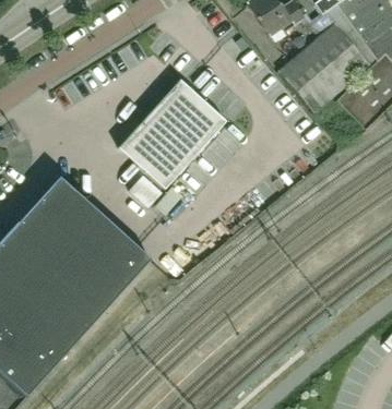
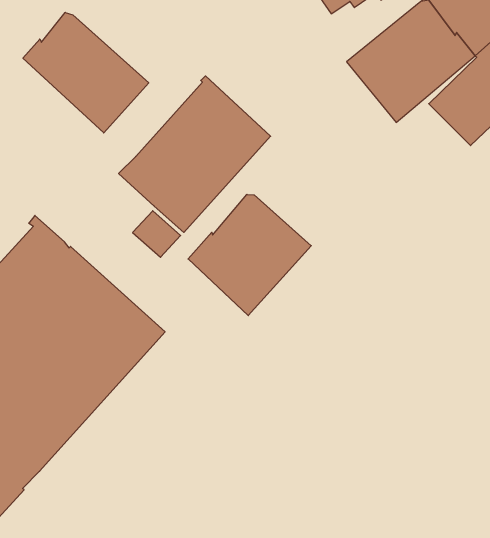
building: none -> [23,12,149,133]
building: none -> [188,194,311,316]

